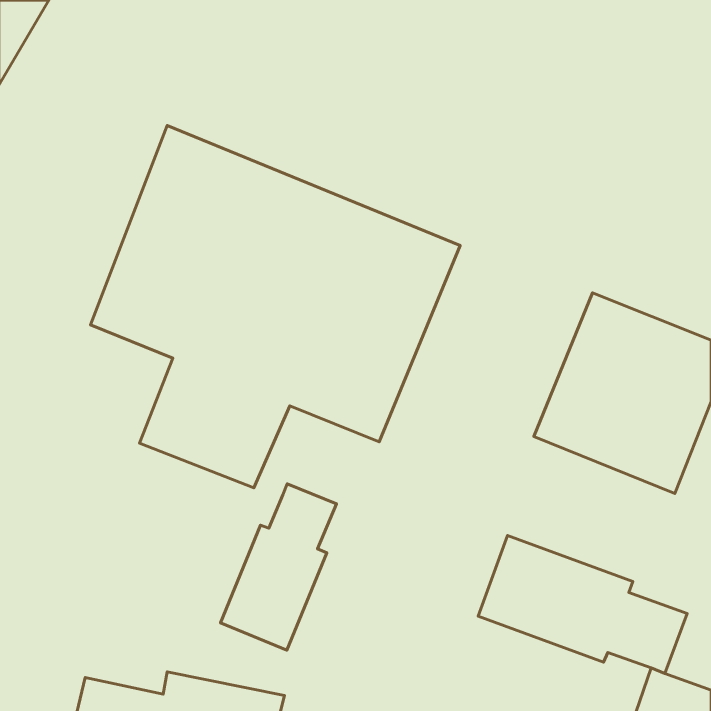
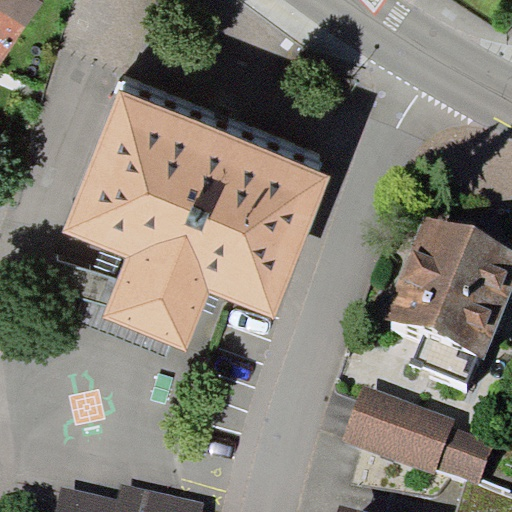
building: [221,484,337,650] -> none

